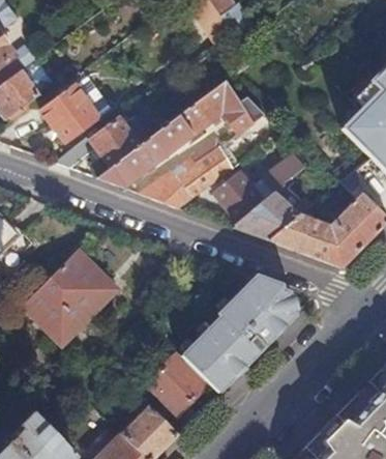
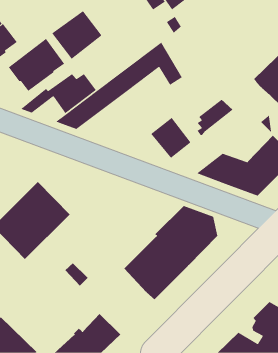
building: none -> [51,10,103,60]
building: [139,147,233,207] -> none
building: [233,190,300,239] -> none
building: [146,352,208,414] -> none

